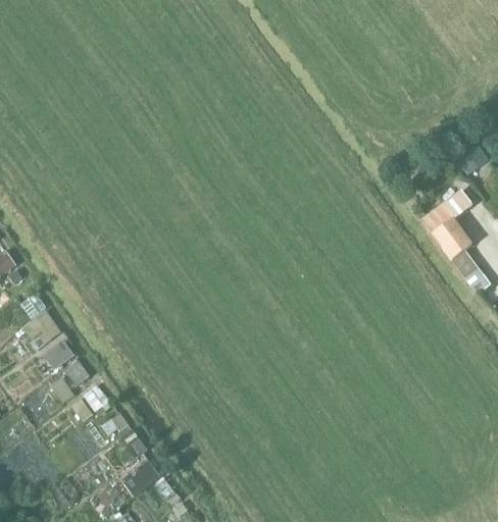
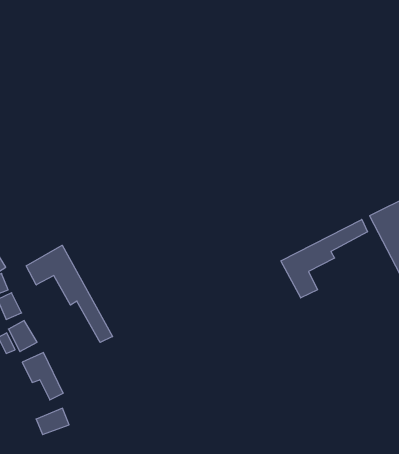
building: none -> [281,219,367,298]
building: none -> [26,245,113,342]

